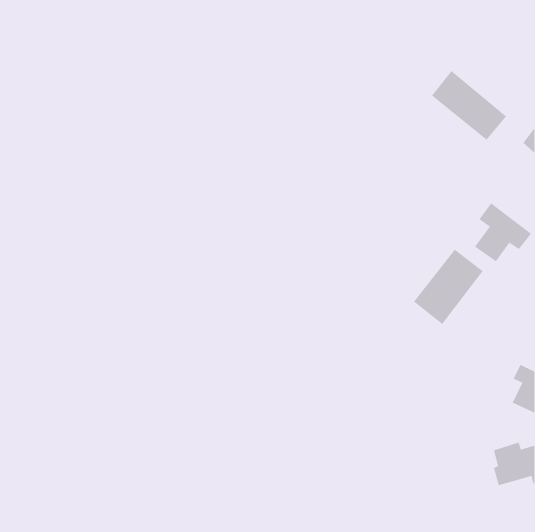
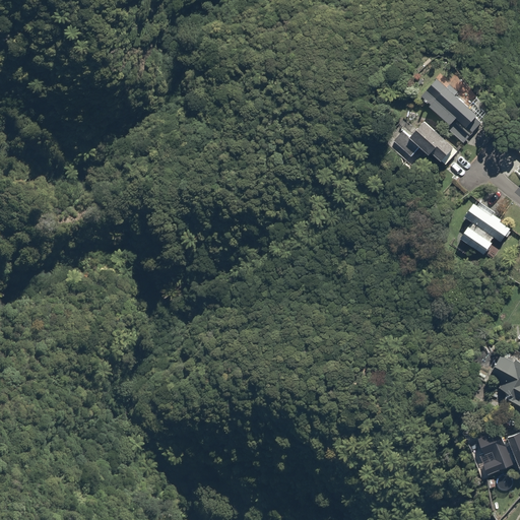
building: none -> [391,121,459,169]
building: [413,249,483,325] -> none

